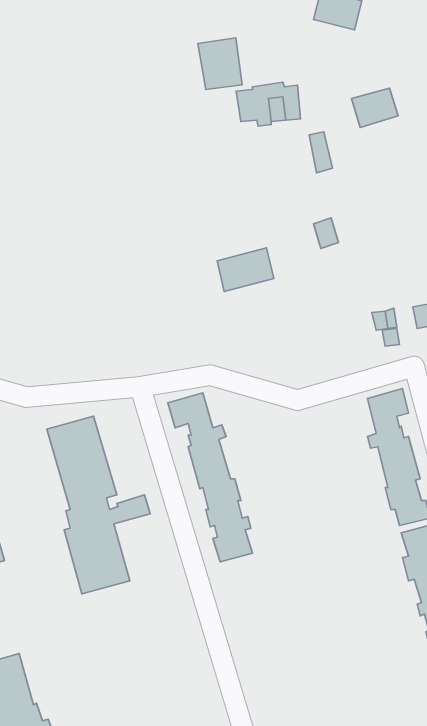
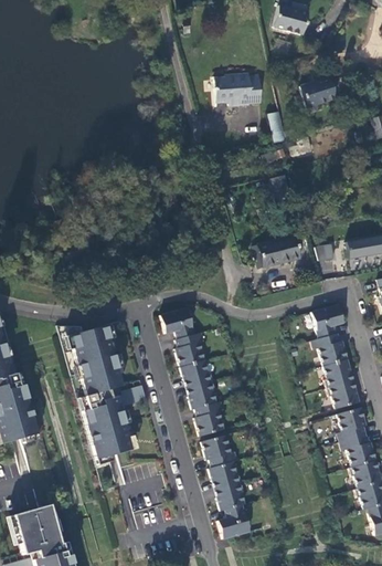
building: [198,38,242,90] -> none
building: [217,248,274,292] -> [258,235,301,269]
building: none -> [203,436,251,539]

